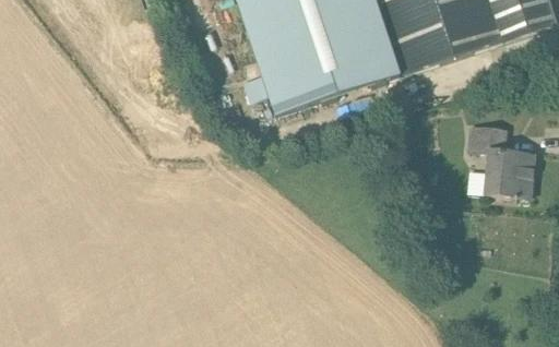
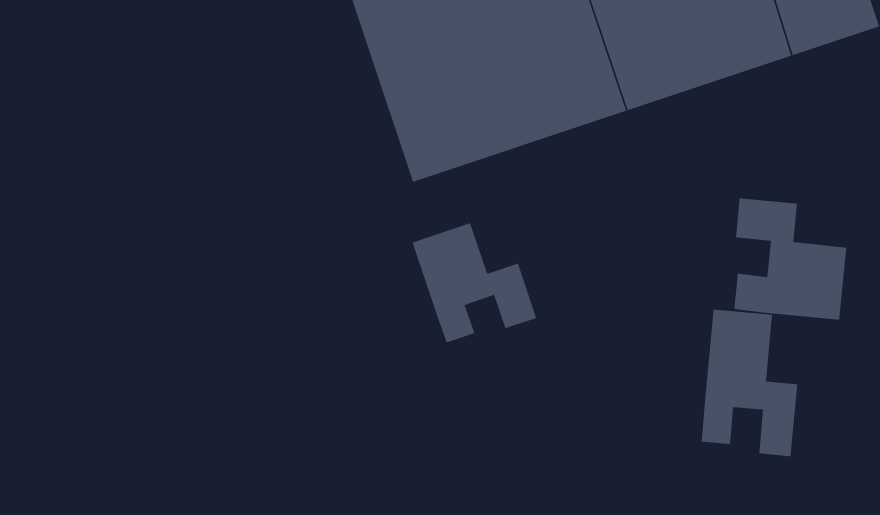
building: none -> [412,222,537,343]
building: none -> [701,309,798,457]

